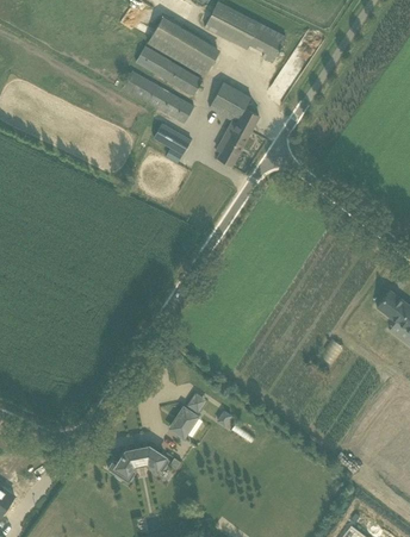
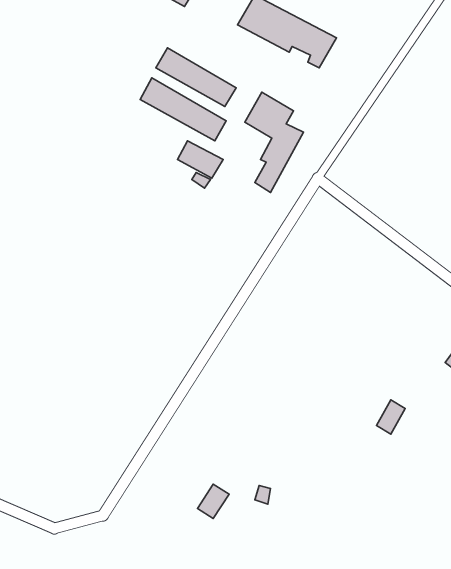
building: [147,18,220,77] -> none
building: [106,448,167,475] -> none

